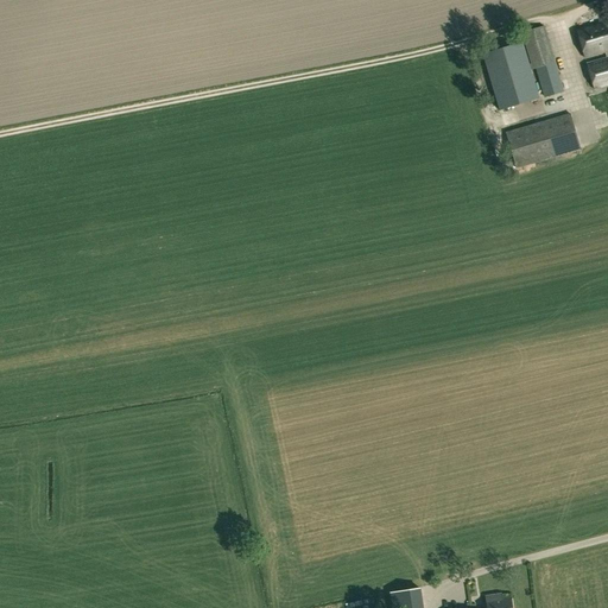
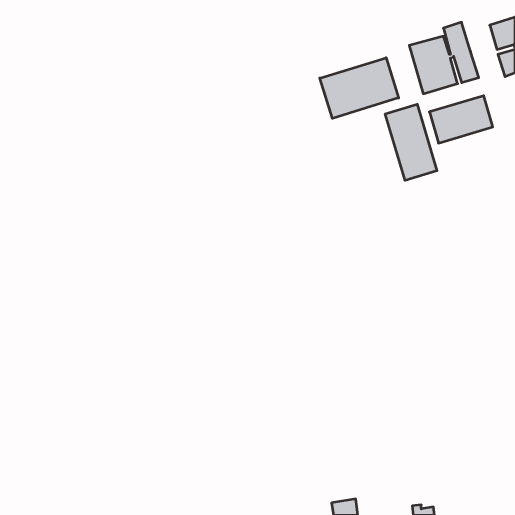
building: none -> [320,58,399,118]
building: none -> [385,104,437,180]

